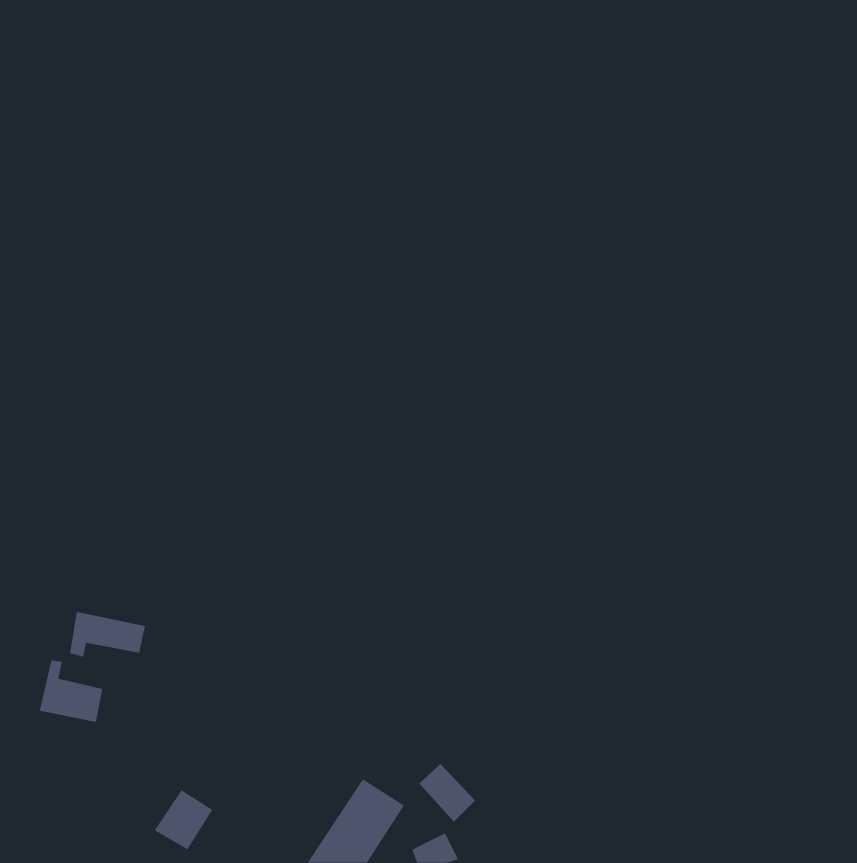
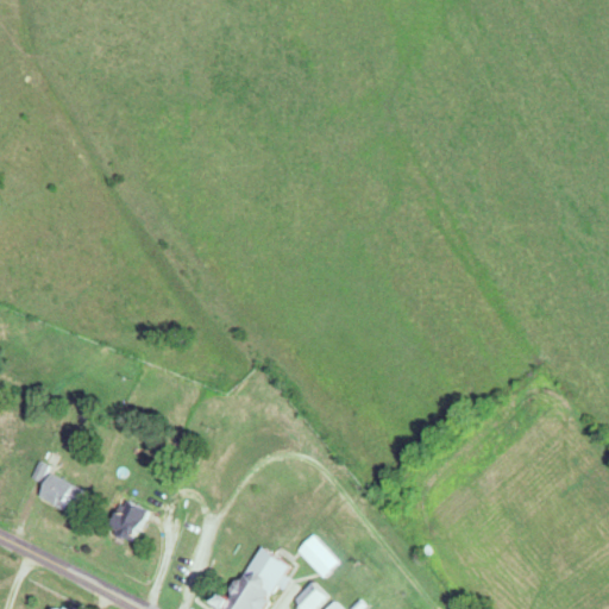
building: [70,611,146,657] -> none
building: [154,789,213,850] -> [107,500,149,542]

